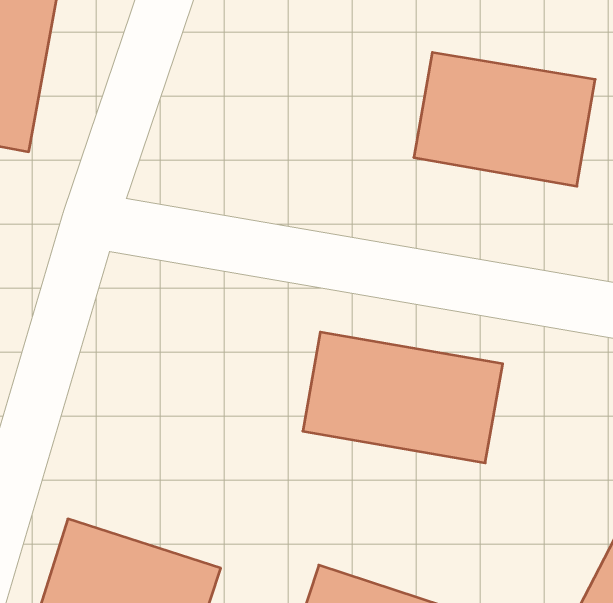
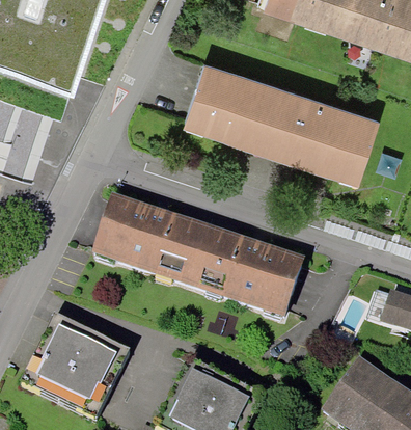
building: none -> [186,62,292,147]
building: none -> [93,204,208,289]

